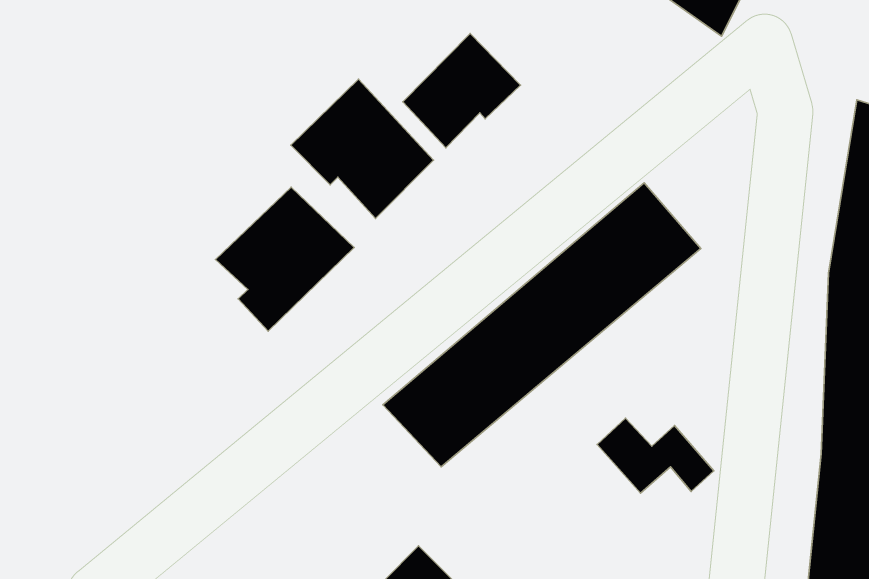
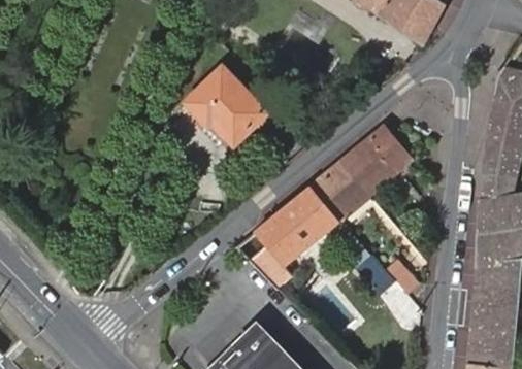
building: [403,34,520,148] -> none
building: [215,187,354,331] -> none

